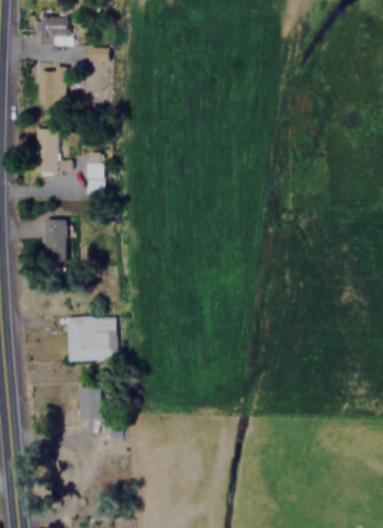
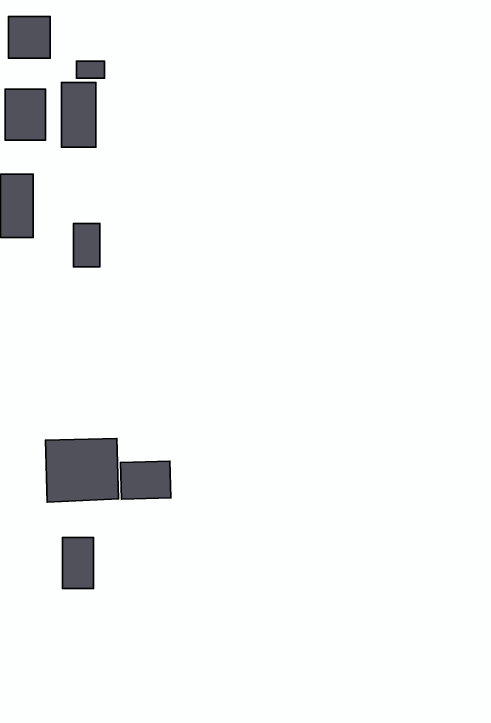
building: none -> [62,82,96,147]
building: [44,209,67,261] -> none
building: none -> [121,461,171,499]

